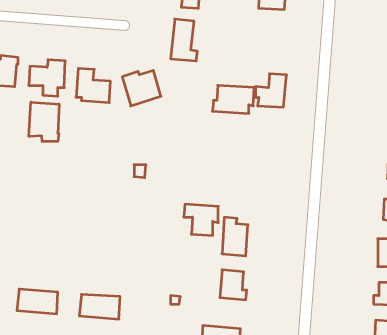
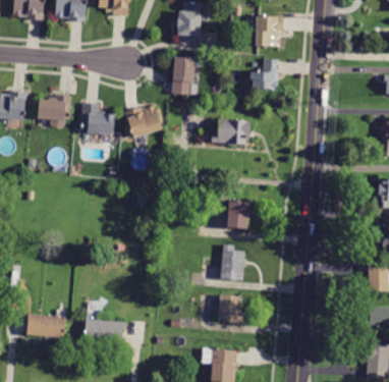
building: [255,74,287,107] -> [251,58,280,90]
building: [29,102,59,141] -> none
building: [184,204,218,235] -> [220,200,253,229]

